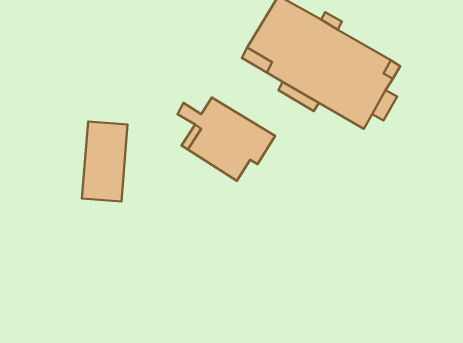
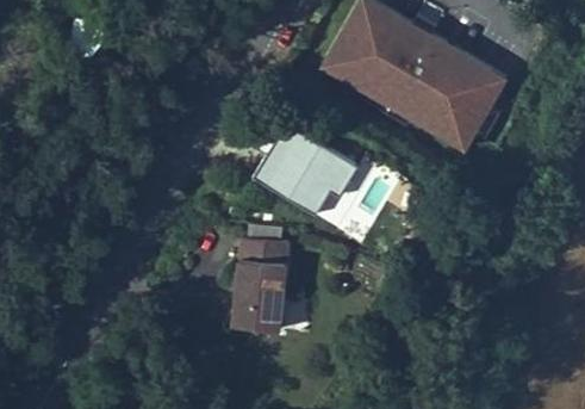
building: [82,121,128,202] -> [236,231,288,323]

